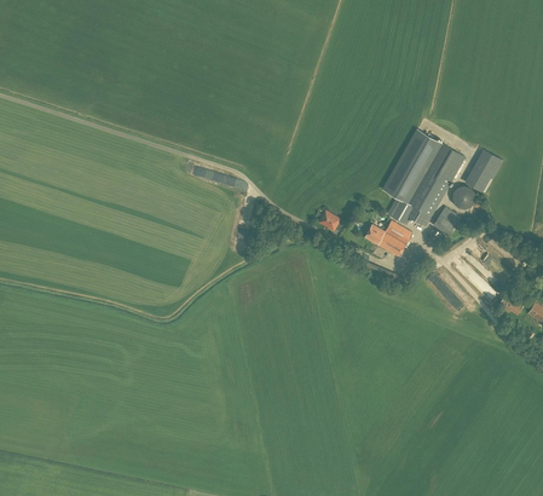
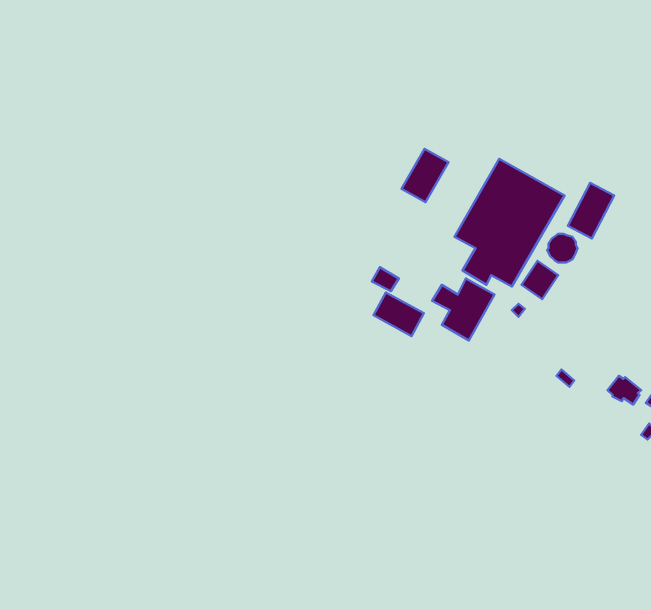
building: none -> [402,149,448,202]
building: none -> [374,292,424,336]

